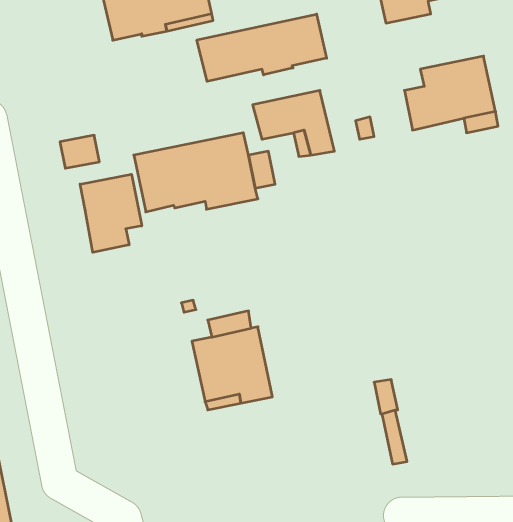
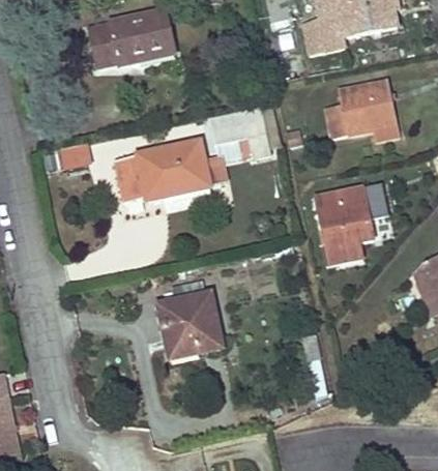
building: [197,14,327,81] -> none
building: [80,174,142,252] -> none
building: none -> [316,187,373,262]

